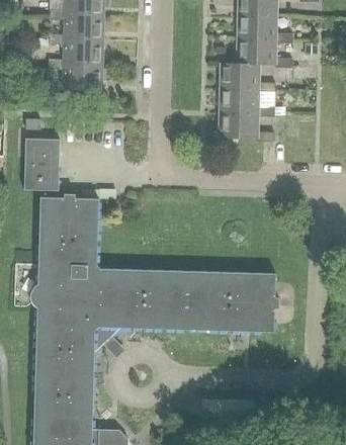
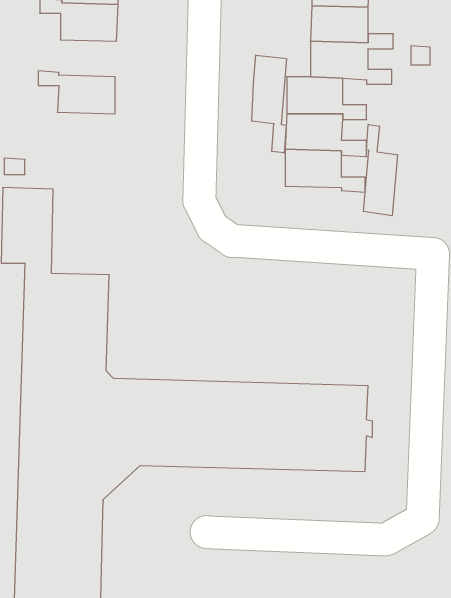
building: [50,34,103,63] -> none
building: none -> [252,55,286,153]
building: none -> [363,124,398,216]

